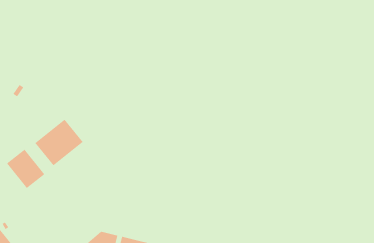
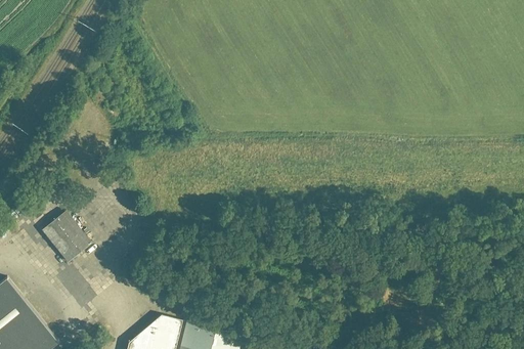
building: [34,119,84,166] -> none

